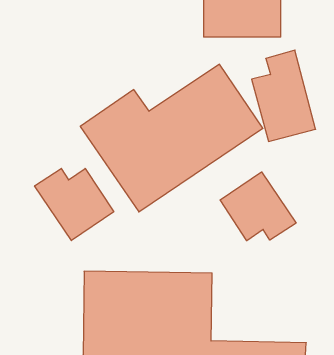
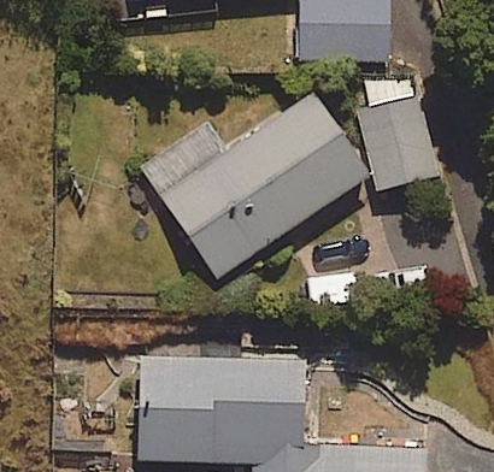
building: [35,168,114,241] -> none
building: [220,172,296,241] -> none

